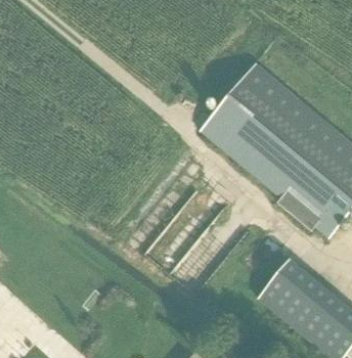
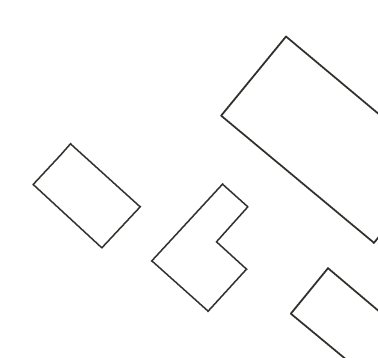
building: none -> [33,144,140,248]

